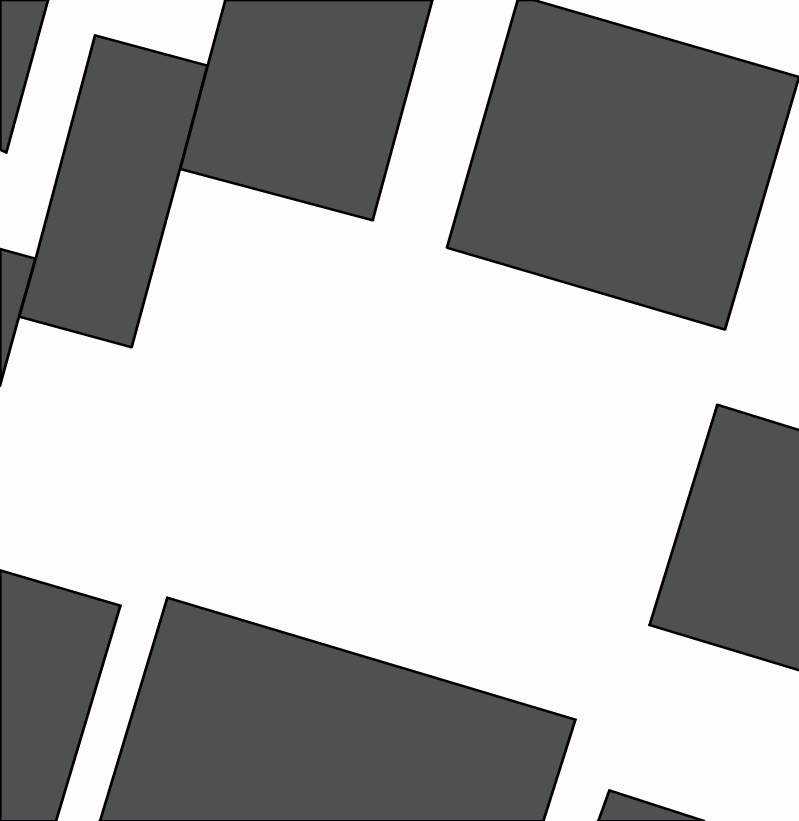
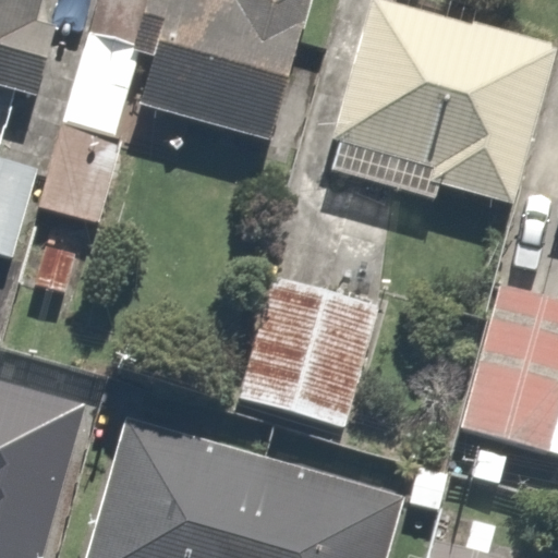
building: none -> [239,276,386,434]

